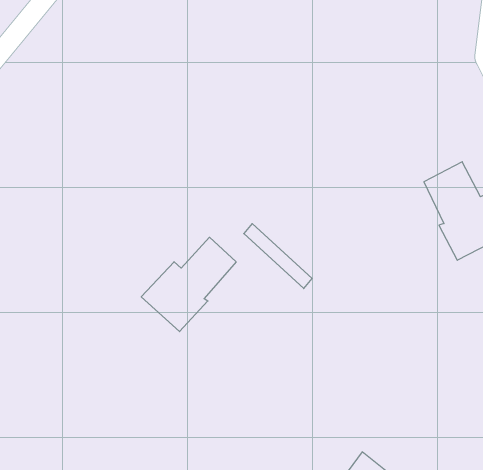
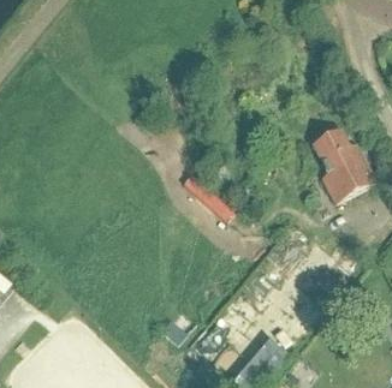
building: [141,237,236,332] -> none

